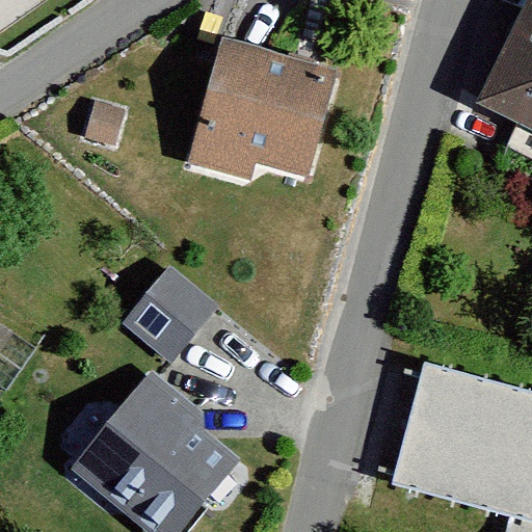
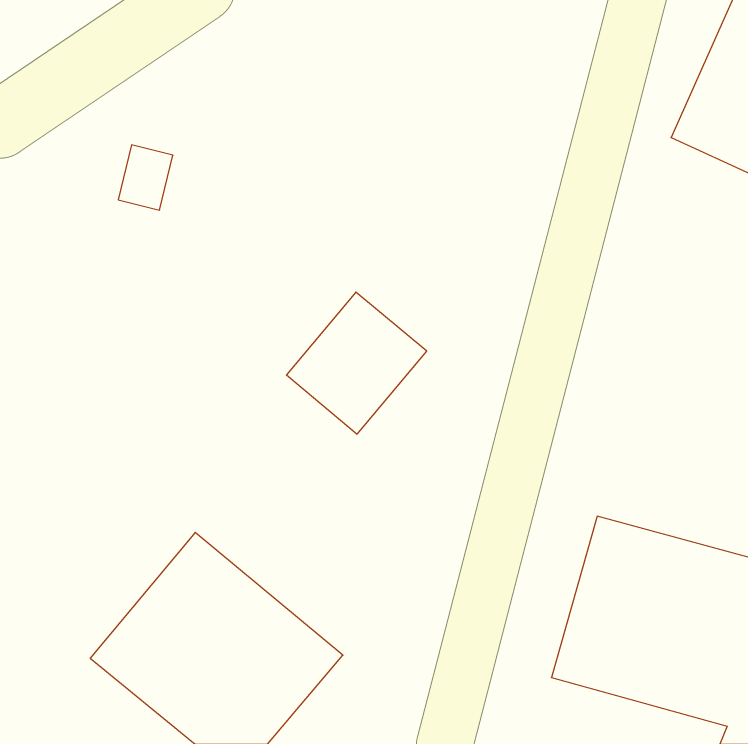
building: [185,49,332,184] -> none
building: [126,266,224,366] -> [286,292,427,434]

